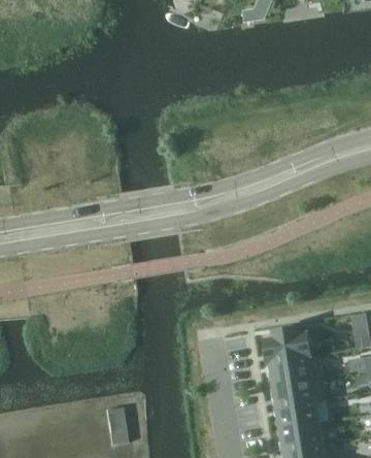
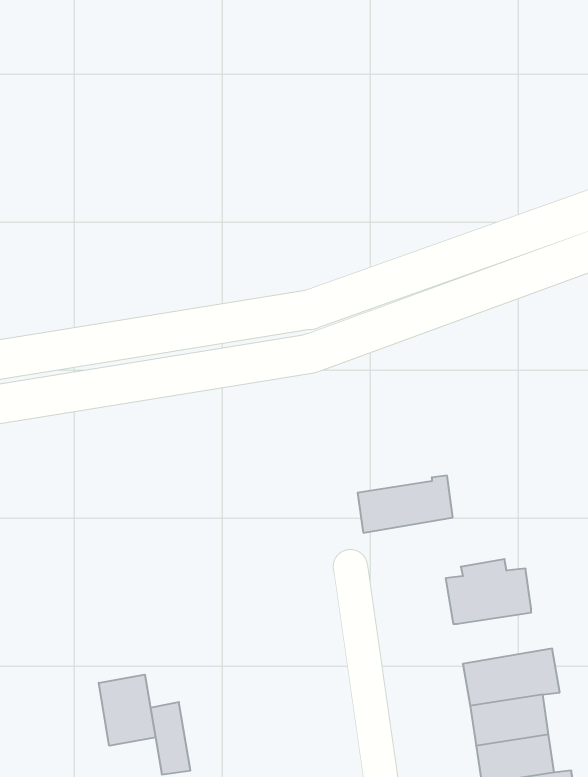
building: [269,355,321,386] -> [358,476,453,533]
building: none -> [99,675,155,746]

